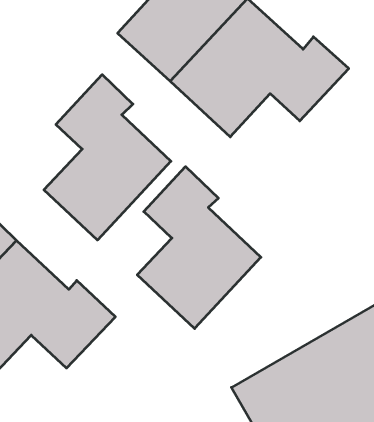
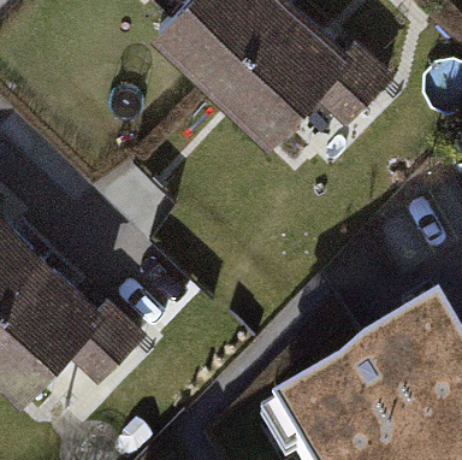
building: [44,75,171,240] -> none
building: [137,167,261,329] -> none

